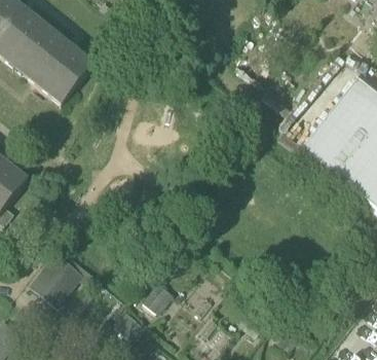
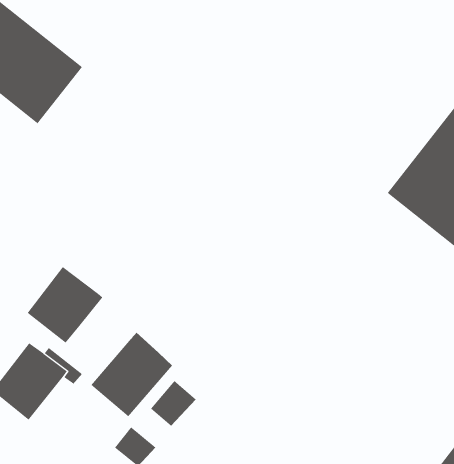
building: none -> [27,266,103,343]
building: none -> [91,332,173,417]

